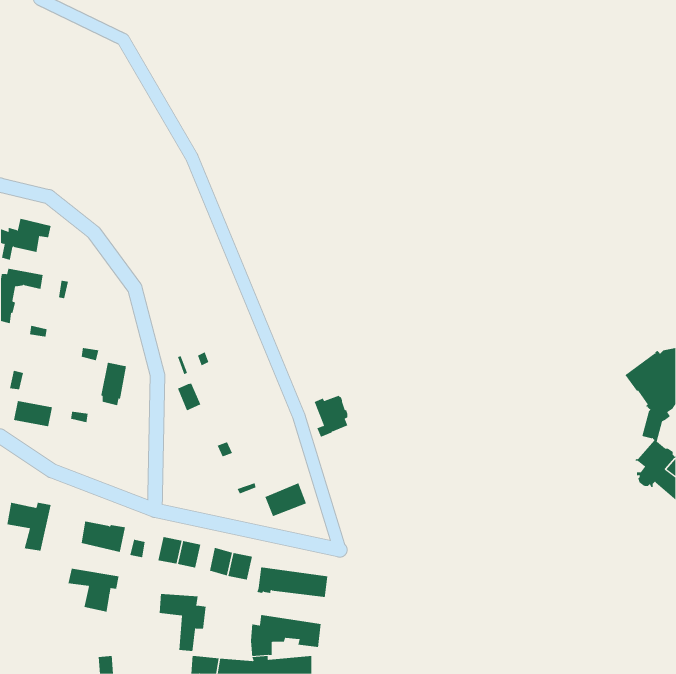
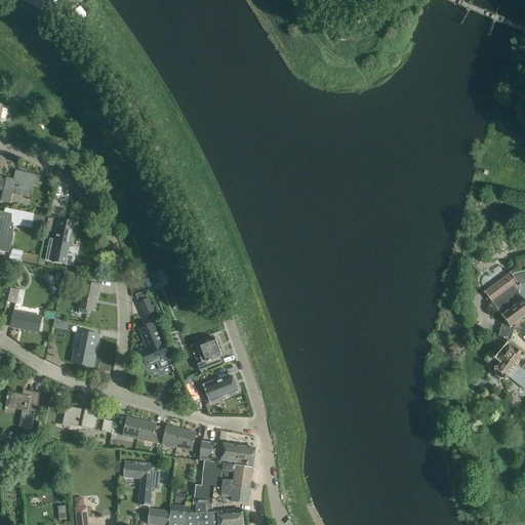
building: none -> [45,219,75,266]
building: [314,395,348,437] -> [195,337,221,370]
building: none -> [138,322,171,368]
building: none -> [71,331,99,366]
building: [68,568,119,612] -> none
building: none -> [202,459,252,484]

